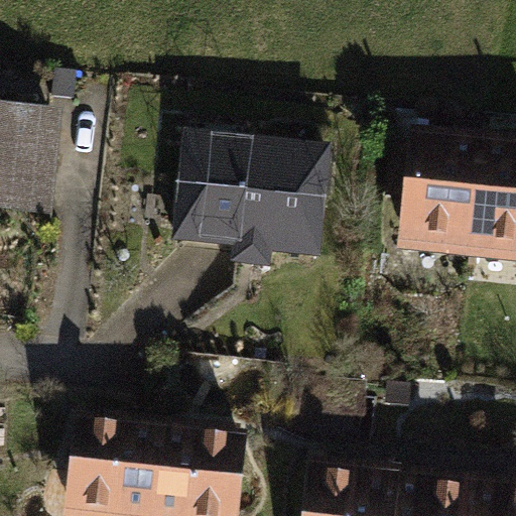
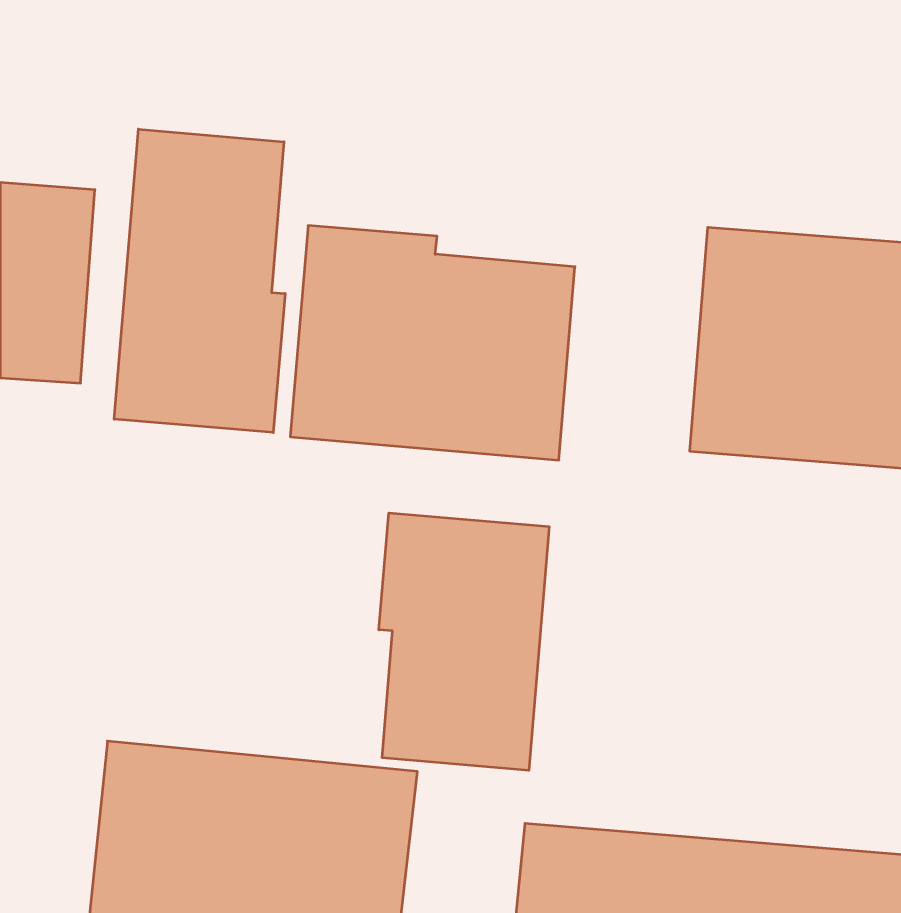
building: none -> [114,129,285,433]
building: none -> [379,513,549,770]

